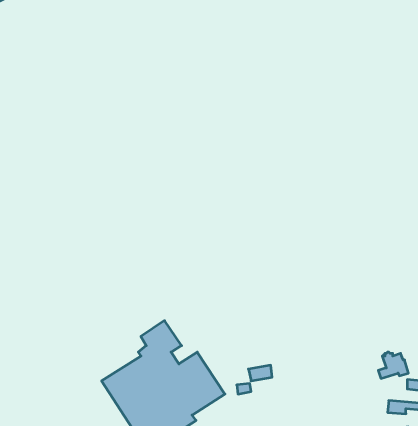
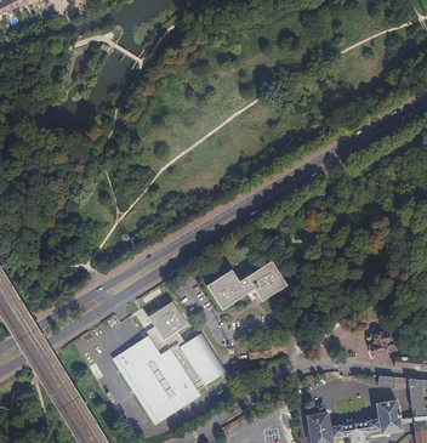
building: none -> [206,261,286,309]

